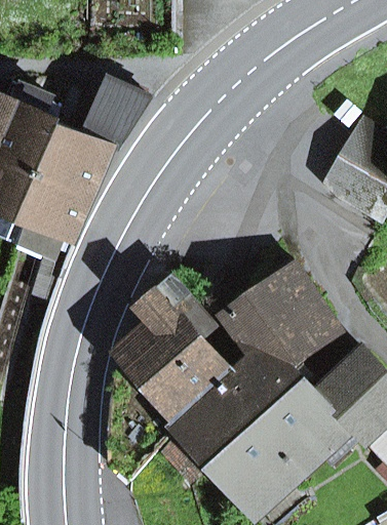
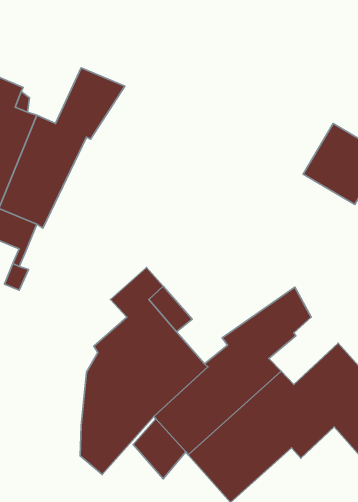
building: [224,257,320,345] -> none

